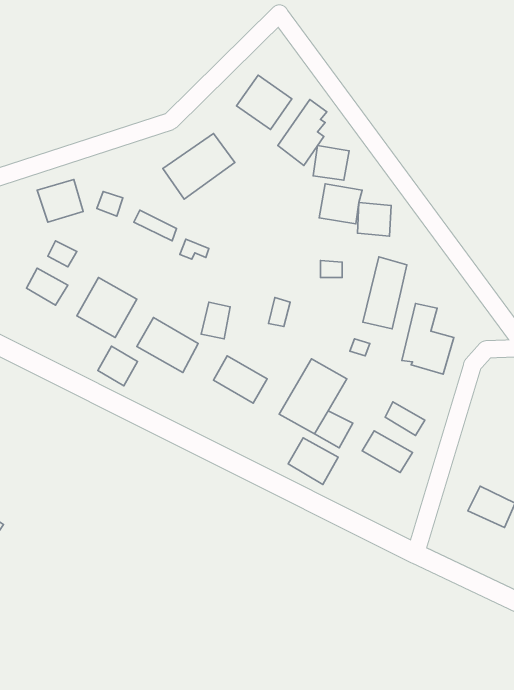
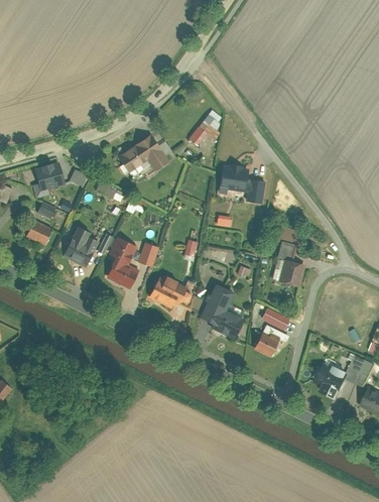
building: [237,75,292,130] -> none
building: [313,146,349,180] -> none
building: [363,257,407,329] -> none
building: [98,346,138,386] -> [110,236,136,262]
building: [288,438,338,485] -> none

